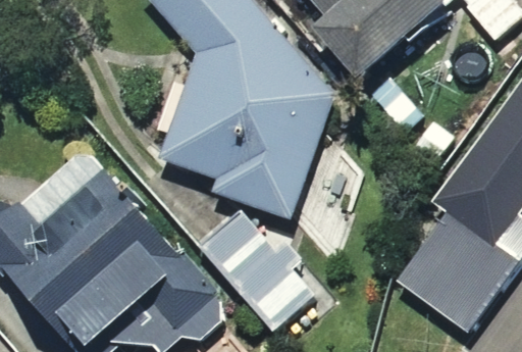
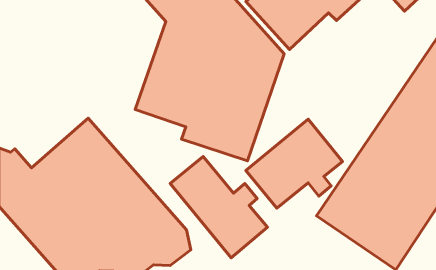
building: none -> [246,119,342,208]

